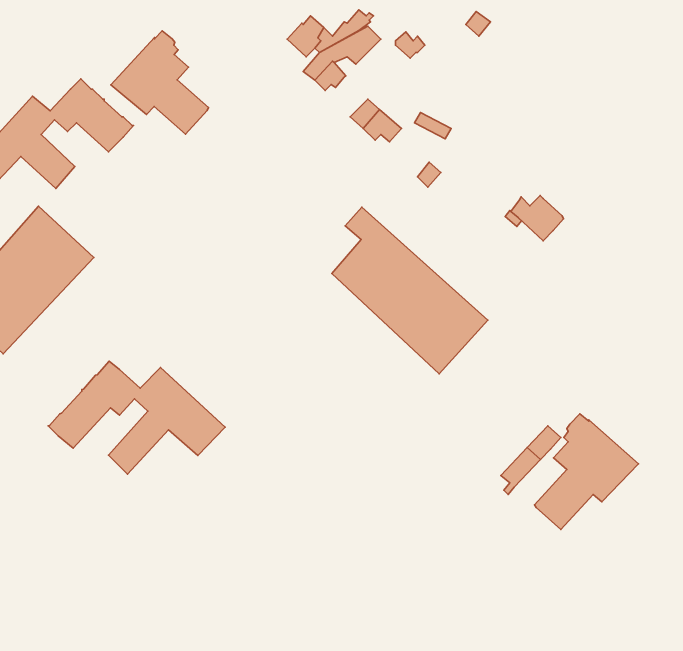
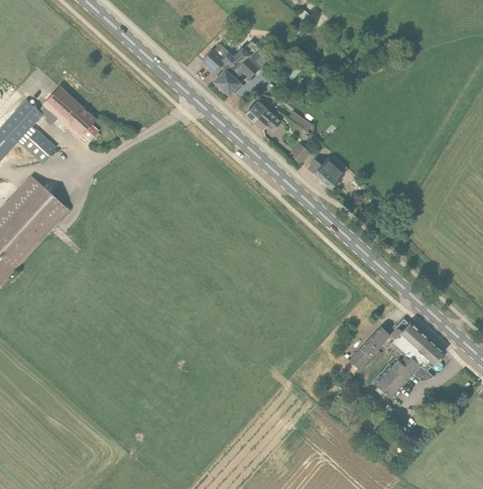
building: [111,31,208,134] -> none
building: [511,195,564,241] -> [309,157,345,189]
building: [332,207,488,374] -> none
building: [48,361,225,474] -> none

